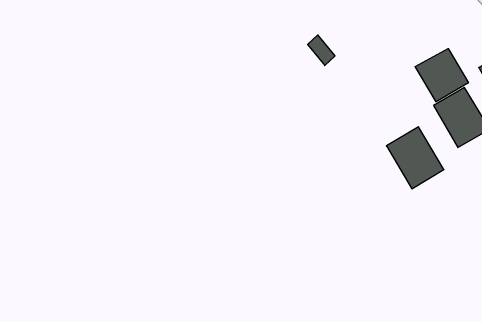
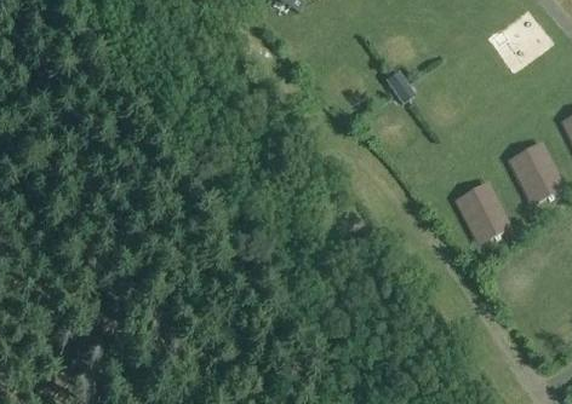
building: [415,49,468,102] -> none

